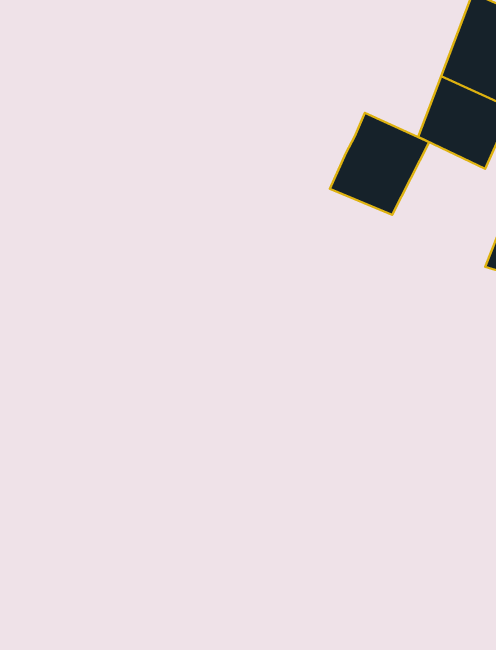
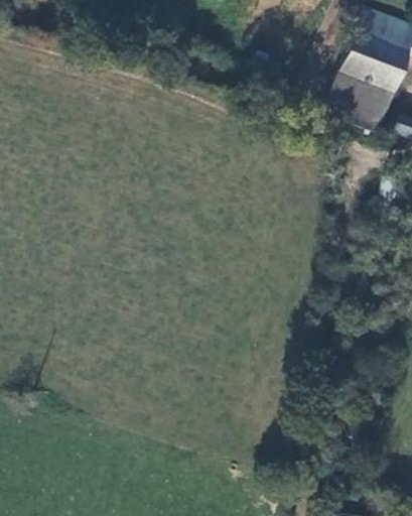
building: [330,113,429,215] -> none

